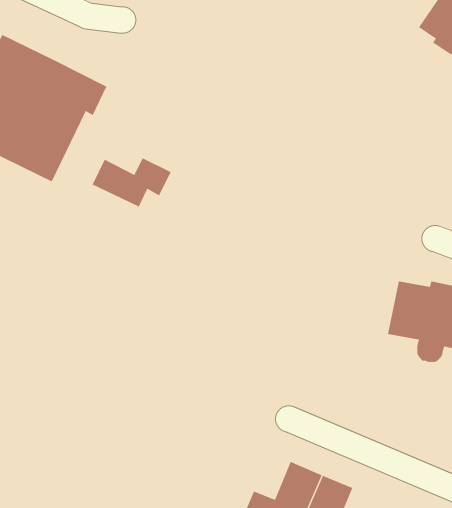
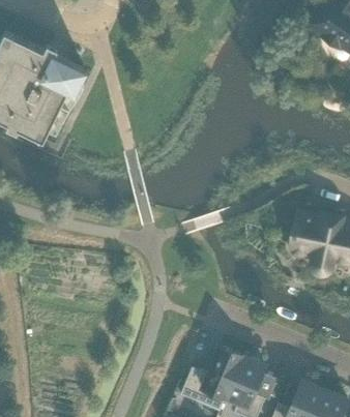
building: [92,158,172,208] -> none

